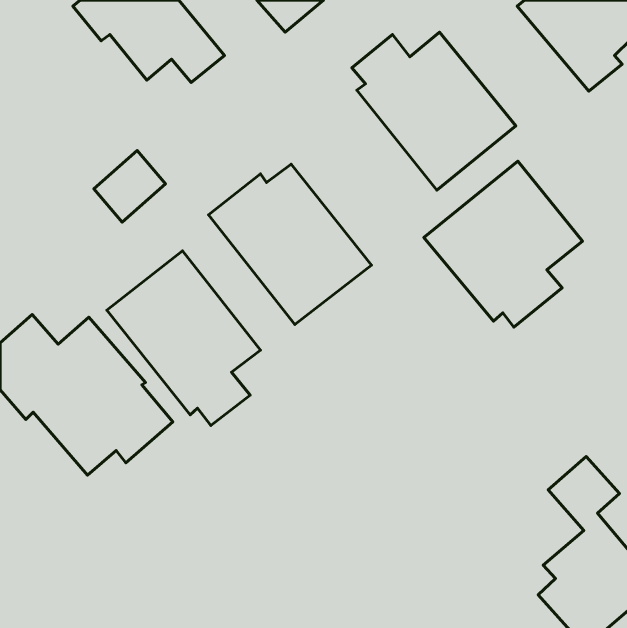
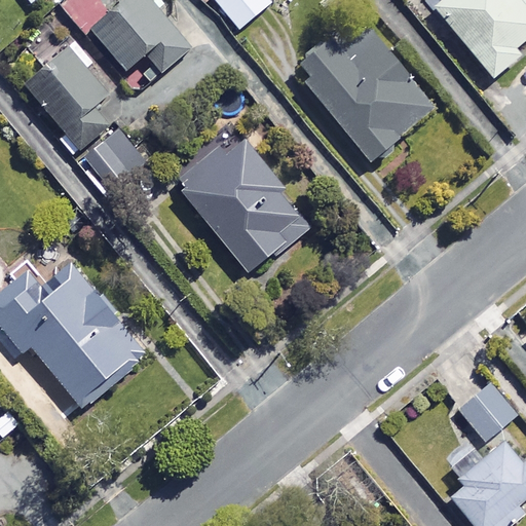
building: none -> [25,45,110,148]
building: [424,161,582,327] -> none
building: [107,251,260,426] -> none

